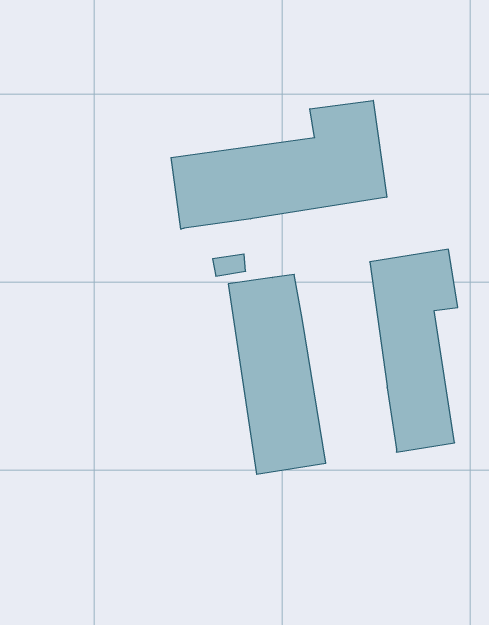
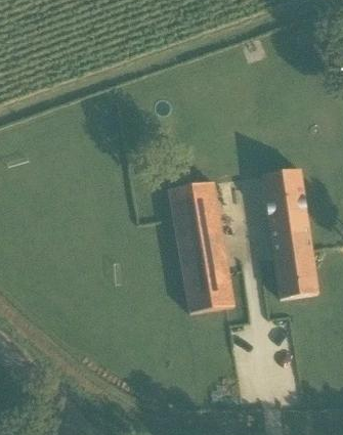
building: [171,100,387,229] -> none

